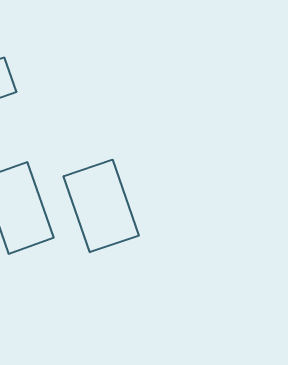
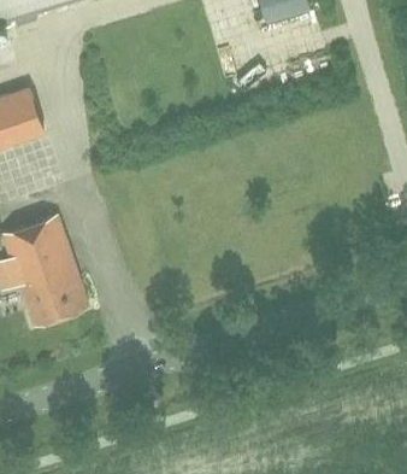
building: [64,160,139,252] -> none

